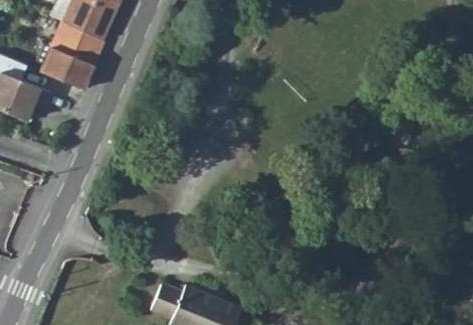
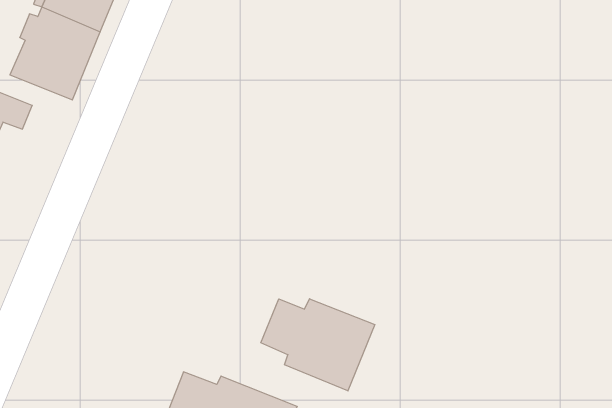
building: none -> [261,299,375,391]

